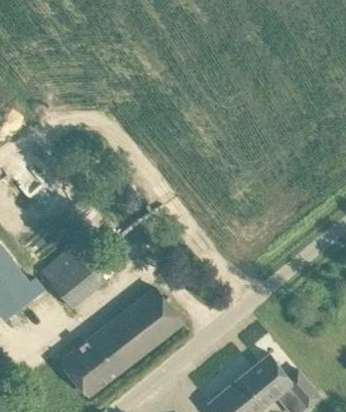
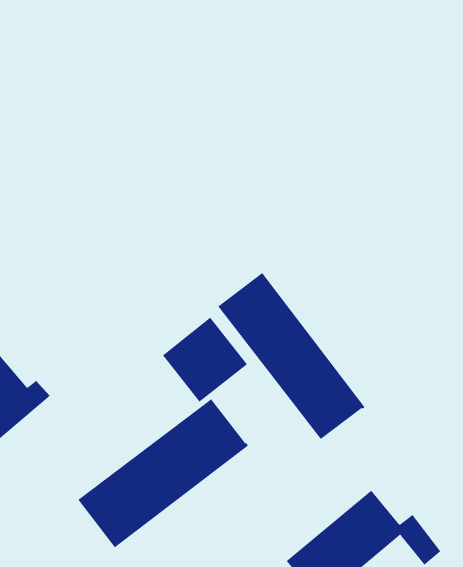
building: none -> [217,272,365,440]
building: [44,248,105,308] -> [162,317,248,403]

